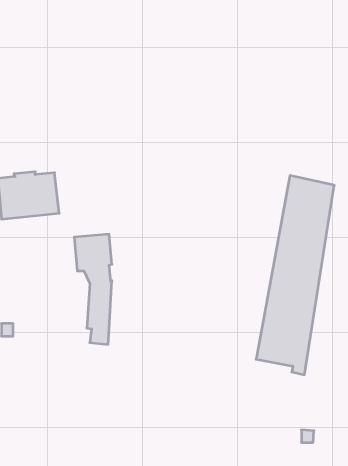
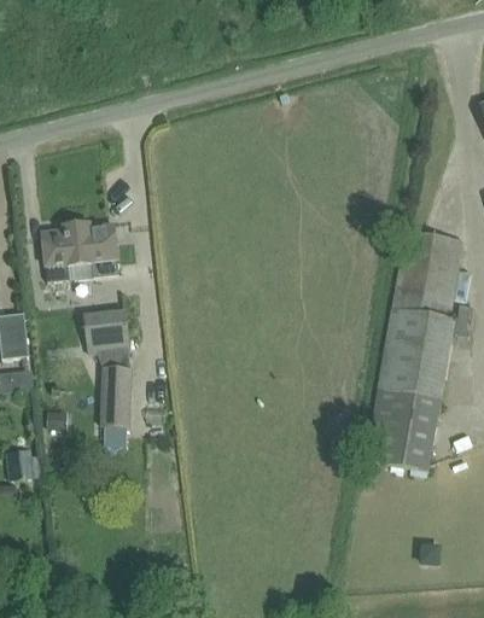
building: [74,234,112,344] -> [84,307,132,444]

